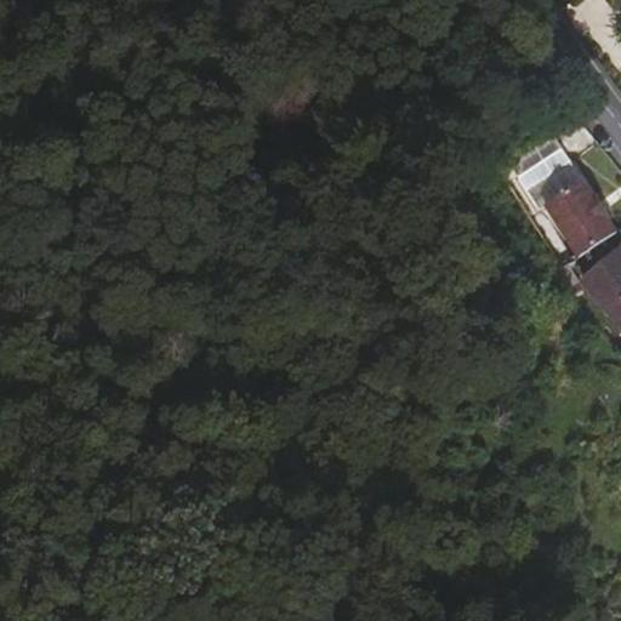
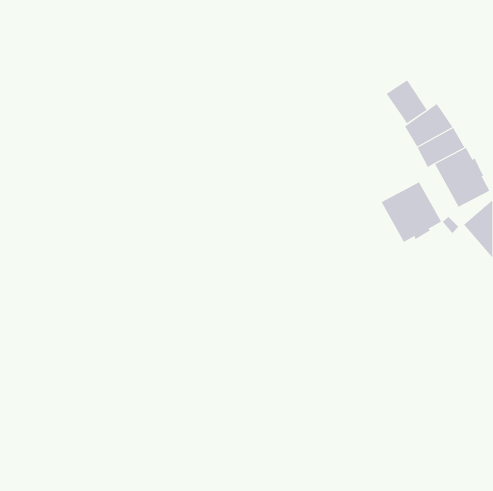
building: none -> [386,80,427,124]
building: none -> [381,182,442,243]

